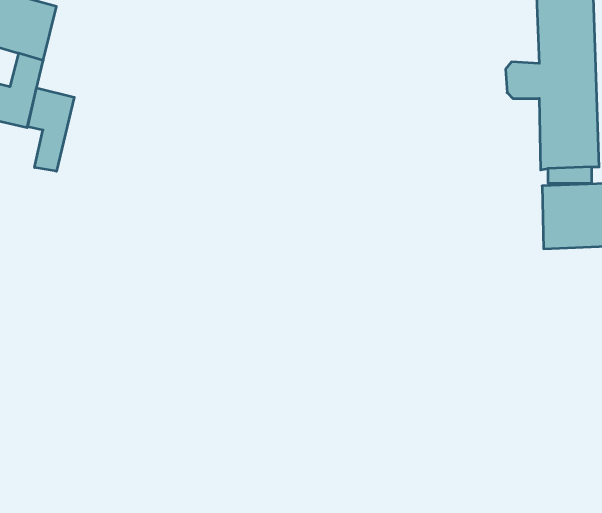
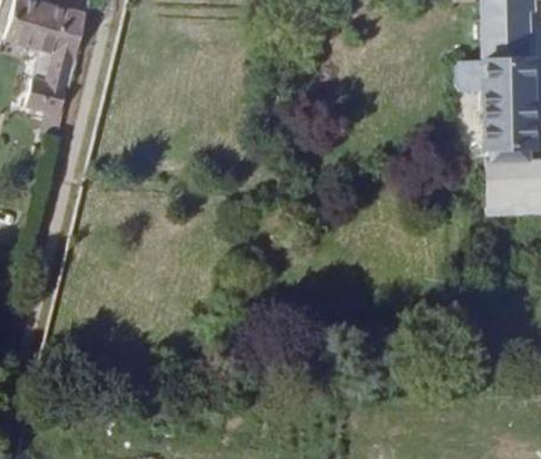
building: [28,88,74,171] -> none

